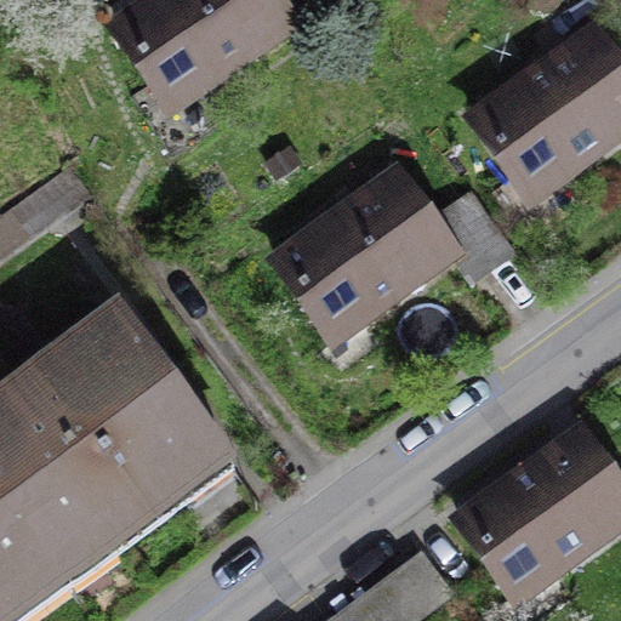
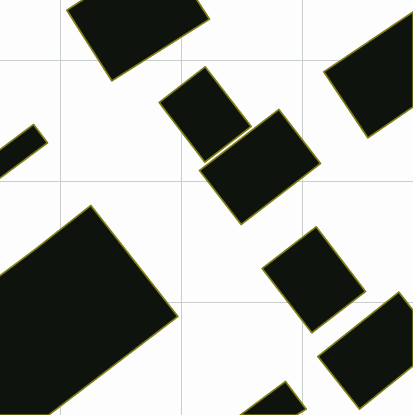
building: none -> [159,67,251,162]
building: none -> [262,227,366,333]

